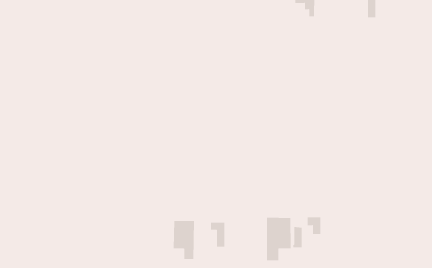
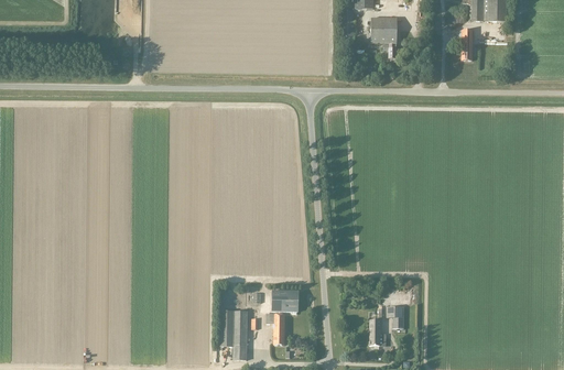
building: none -> [273,290,299,311]
building: [266,217,291,261] -> none

